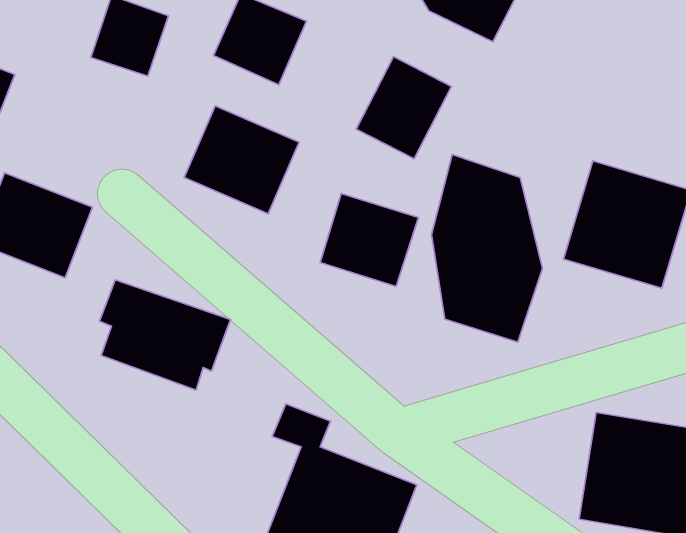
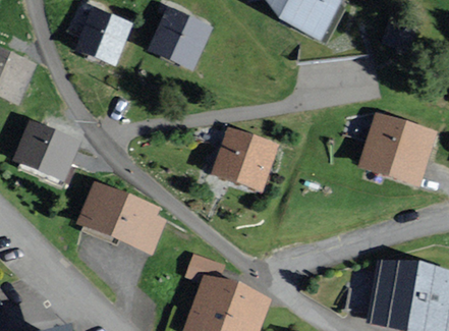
building: [356,57,451,159] -> none
building: [184,106,299,214] -> none
building: [431,155,543,342] -> none

